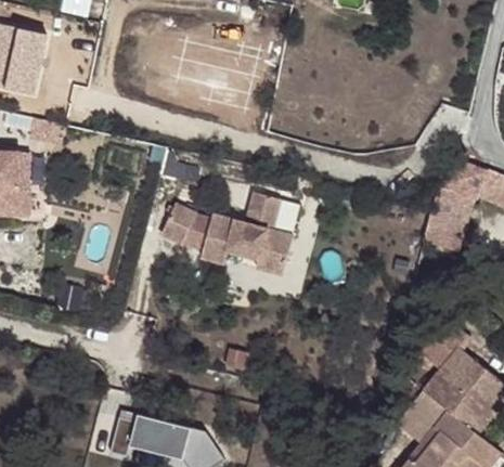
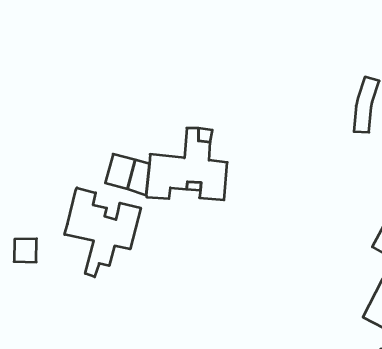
building: none -> [65,188,141,277]

